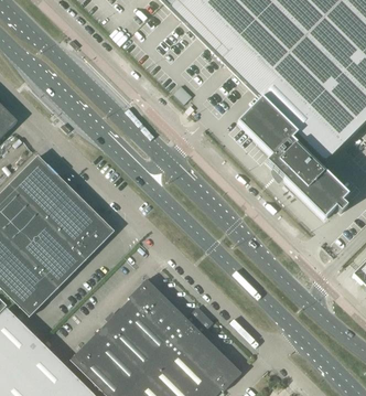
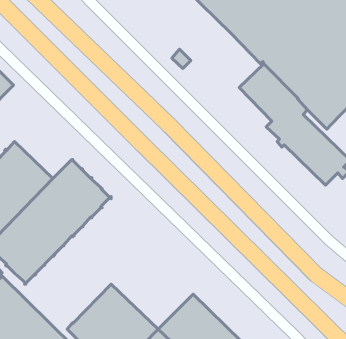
building: [19,154,75,211] -> none
building: [114,277,194,358] -> none

